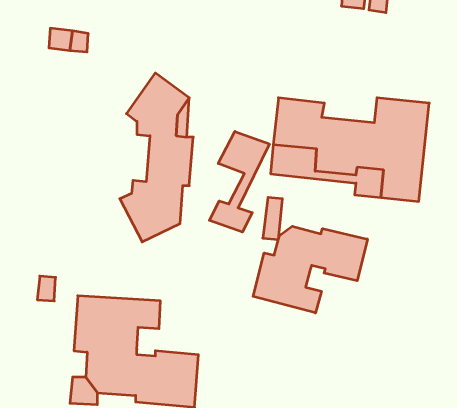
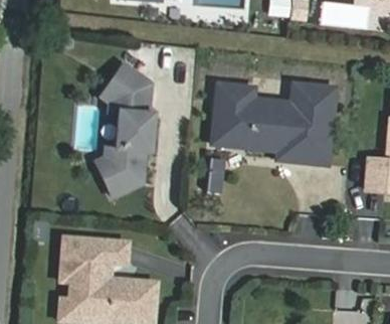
building: [209,131,269,232] -> none
building: [253,226,367,313] -> none

